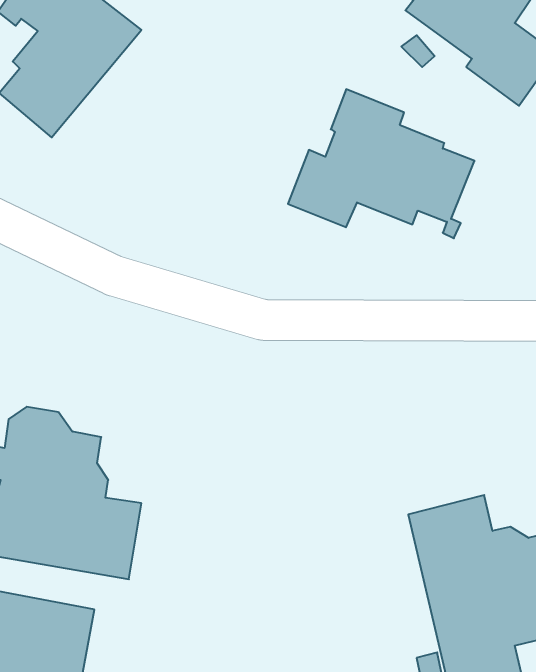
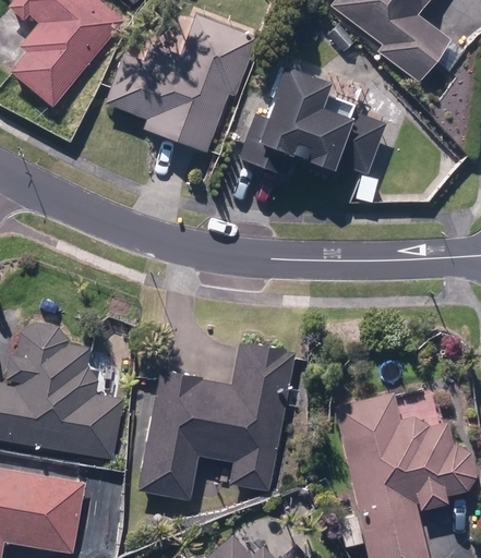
building: none -> [107,20,257,155]
building: none -> [140,342,294,497]

